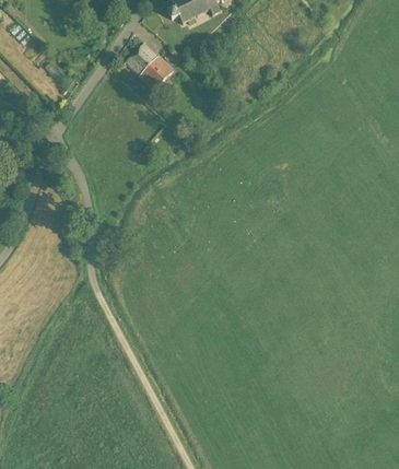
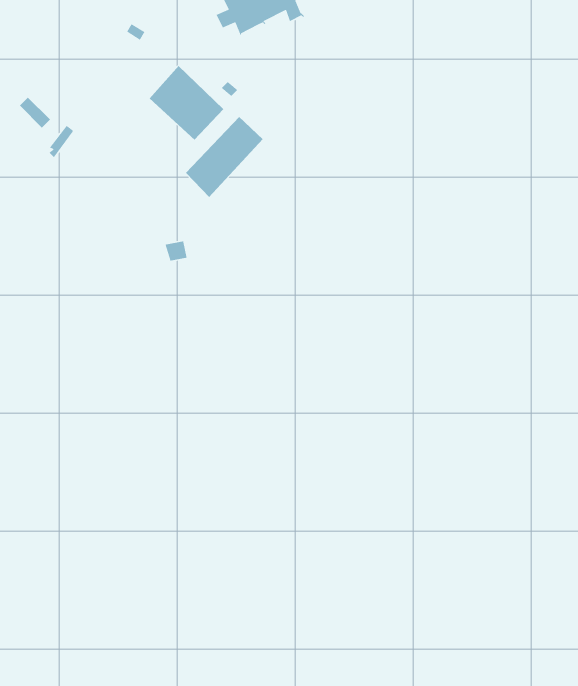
building: none -> [185,116,264,198]

